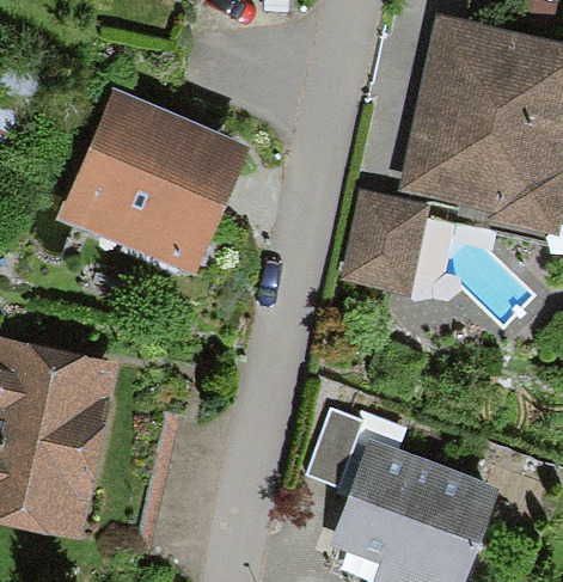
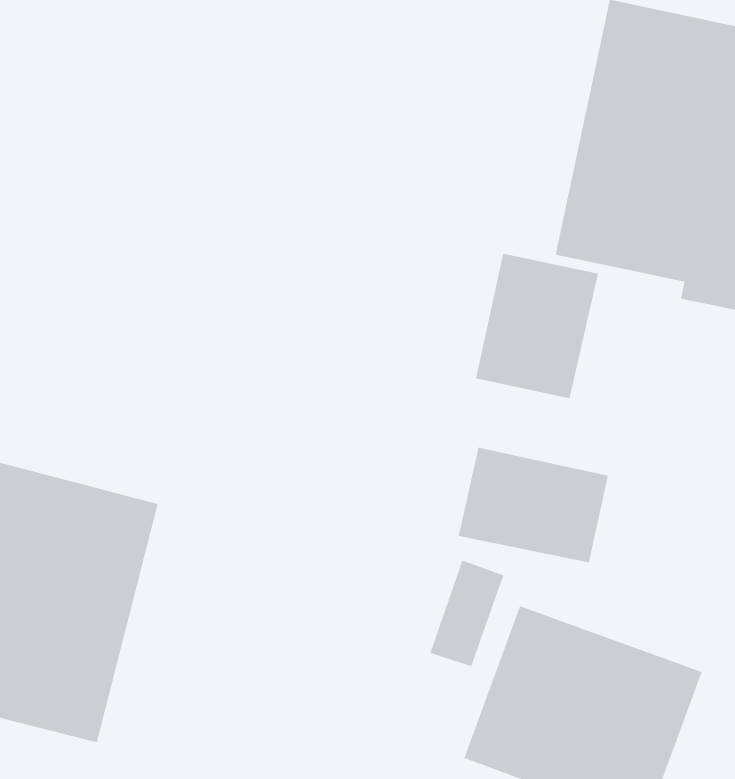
building: [56,87,249,275] -> none
building: none -> [458,447,609,563]

